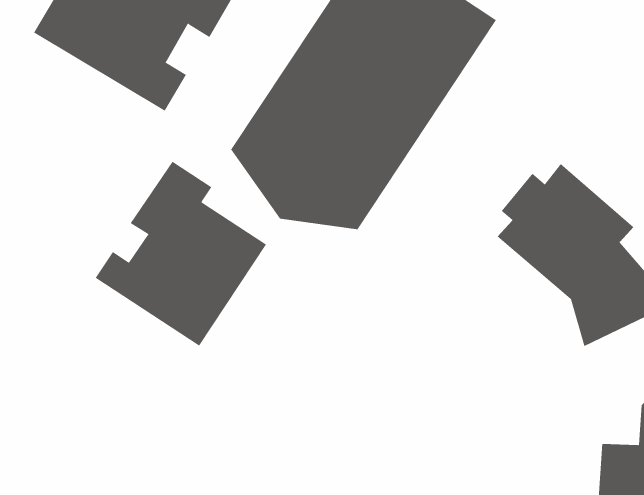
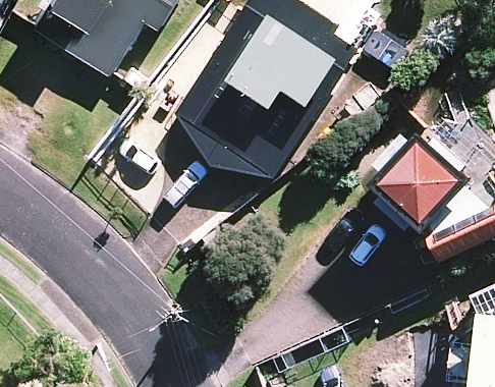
building: [95,161,267,347] -> none

